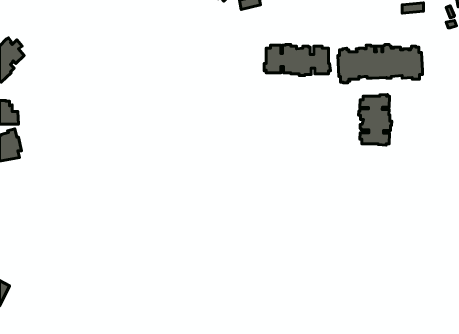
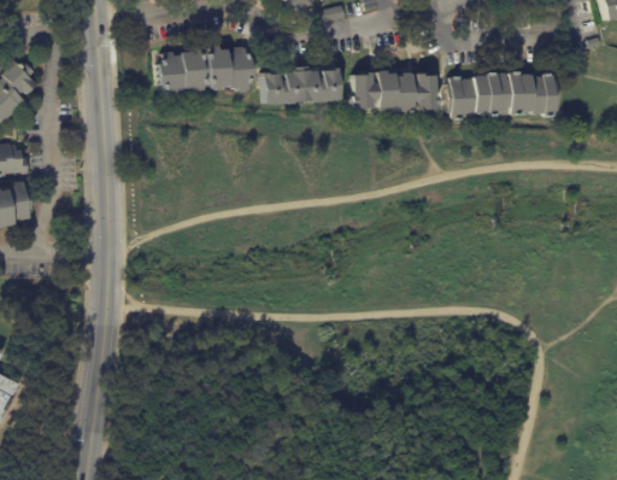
building: none -> [159,46,253,96]
building: none -> [264,68,340,105]
building: [359,95,392,145] -> none

